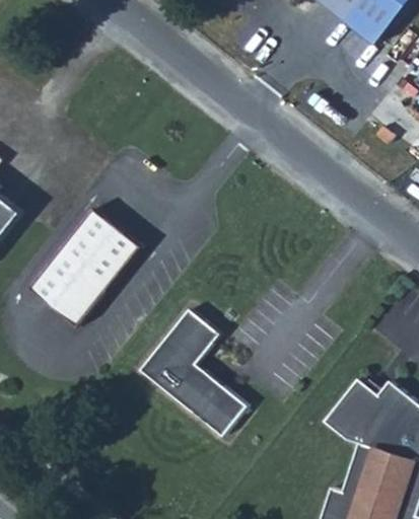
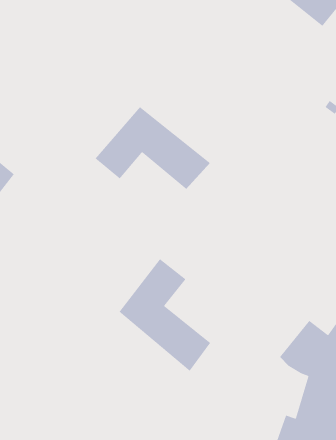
building: none -> [95,106,211,190]
building: [29,208,142,326] -> none

